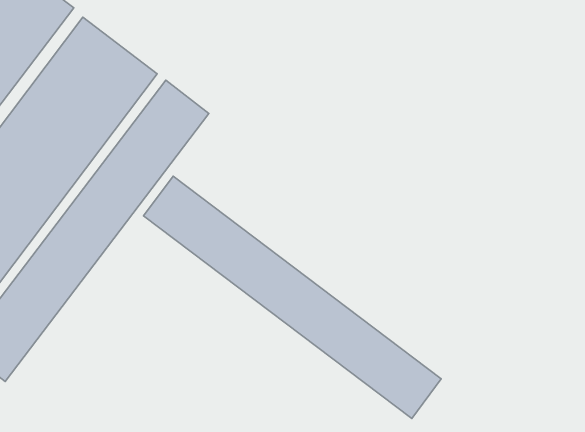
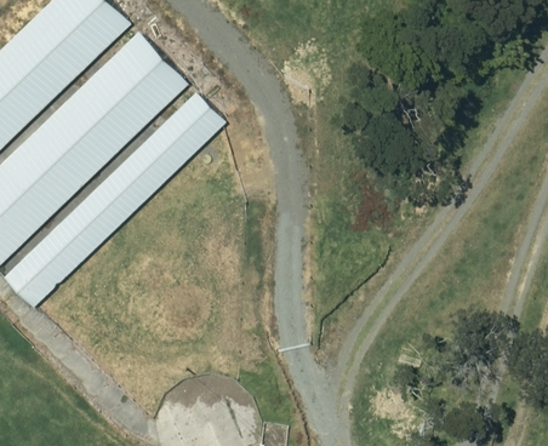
building: [144,176,441,418] -> none

